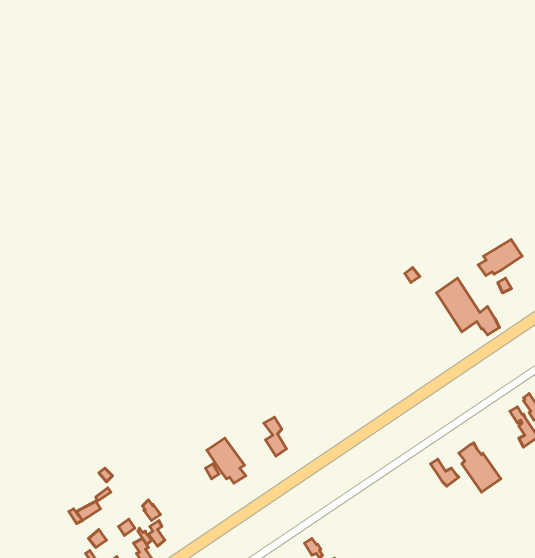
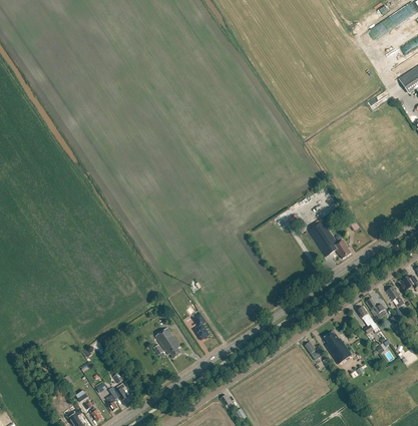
building: [478,239,522,276] -> none

